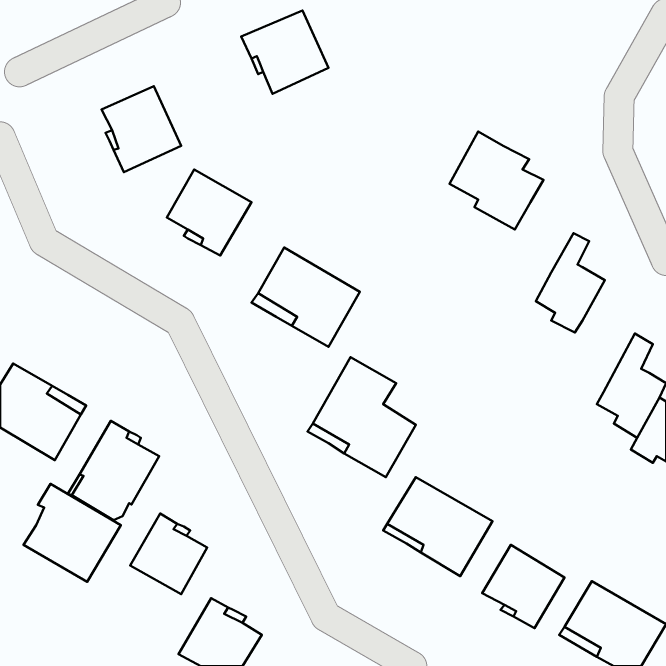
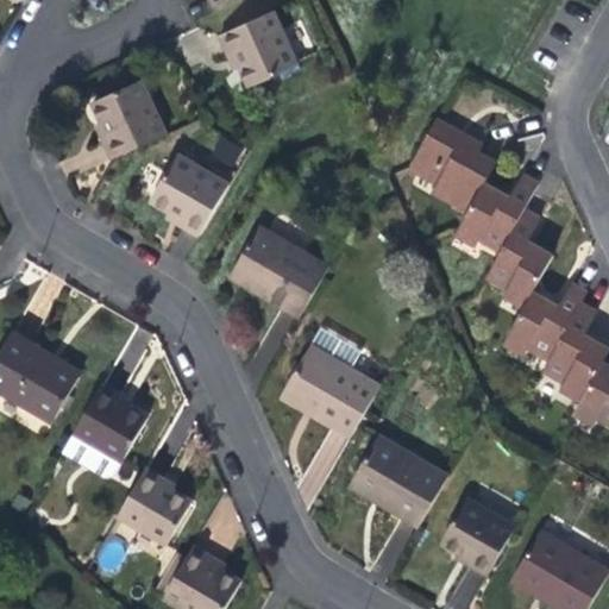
building: none -> [457,176,538,249]
building: none -> [504,285,585,358]
building: [23,484,121,582] -> none

